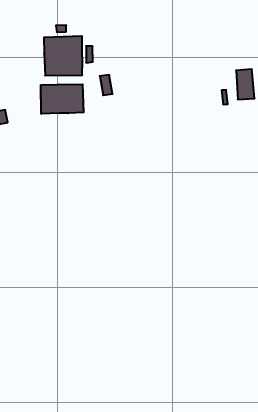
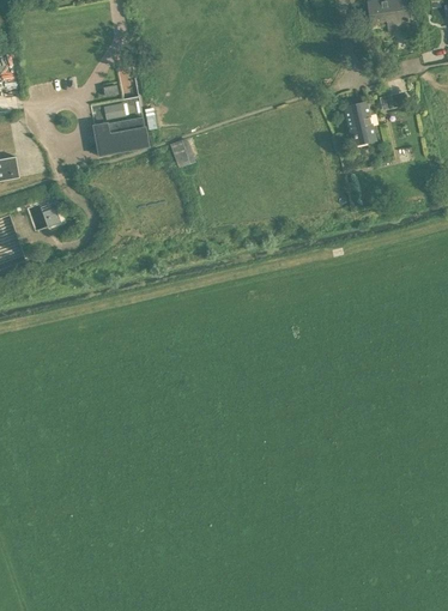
building: [41,84,84,114] -> none

